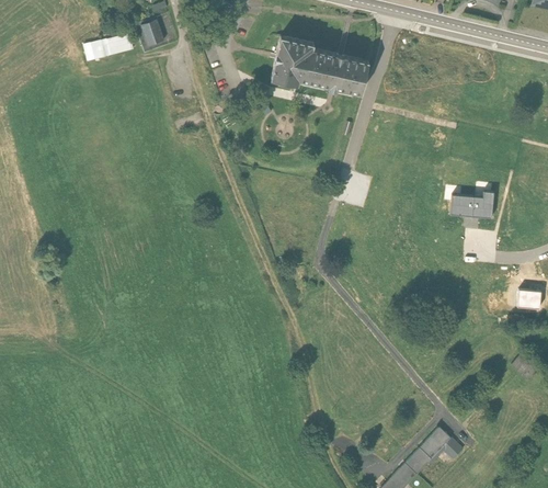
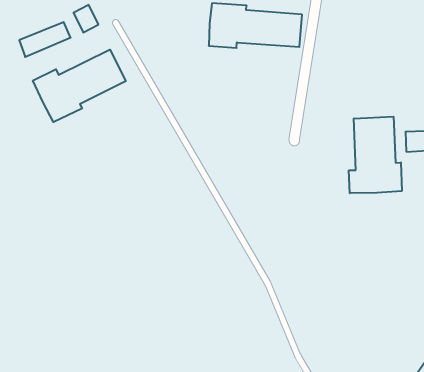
building: none -> [33,50,126,122]
building: none -> [349,117,402,193]

